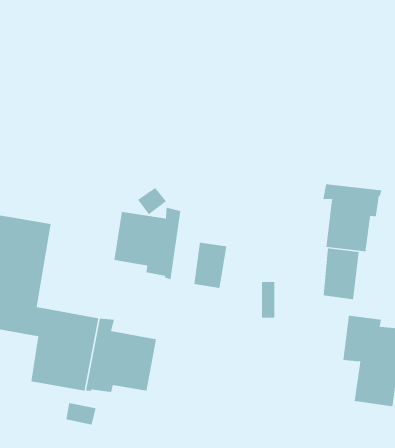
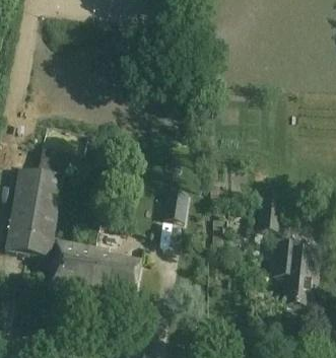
building: [323,183,382,252] -> none
building: [114,207,181,280] -> none

